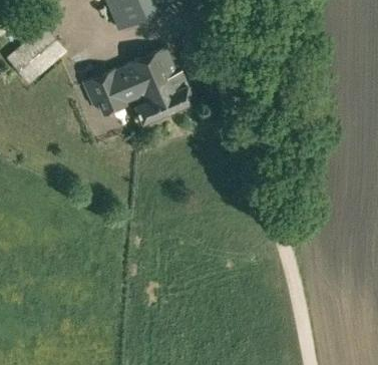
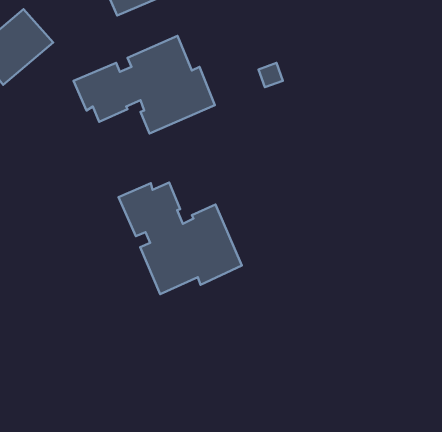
building: none -> [118,182,242,294]

